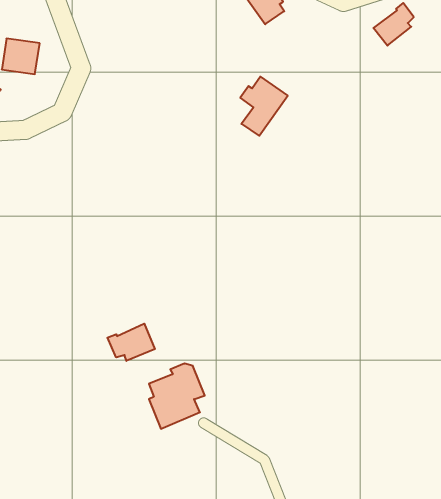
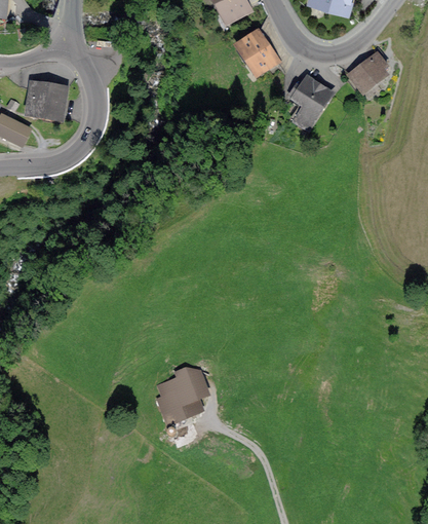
building: [240,77,288,136] -> [289,78,330,129]
building: [107,324,155,361] -> none

